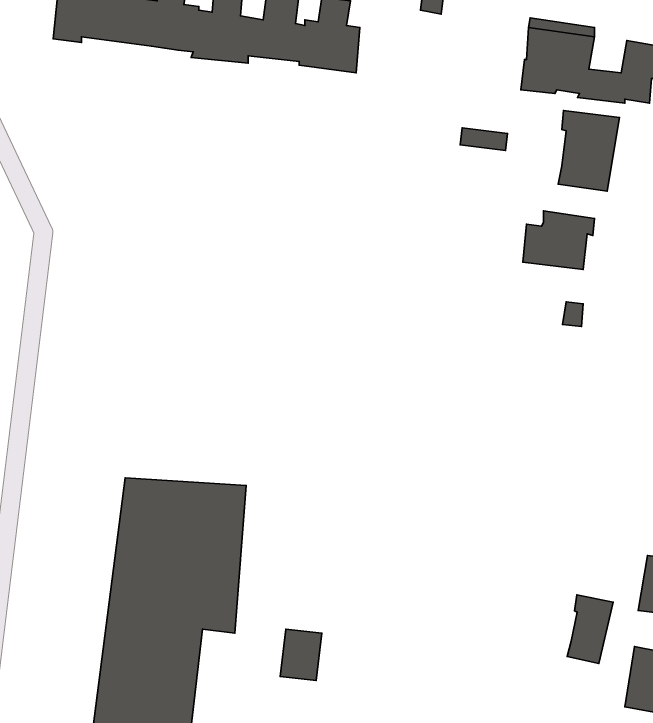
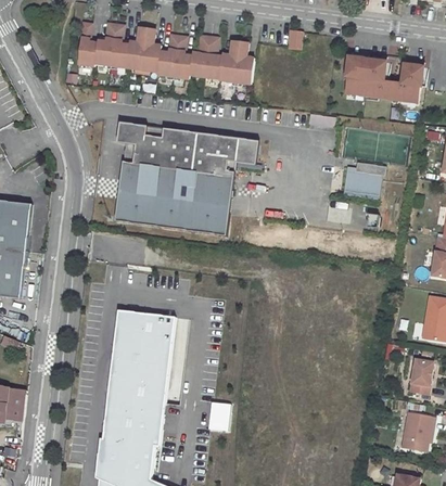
building: [558,111,619,191] -> none
building: none -> [115,122,256,235]
building: [567,595,613,664] -> none

